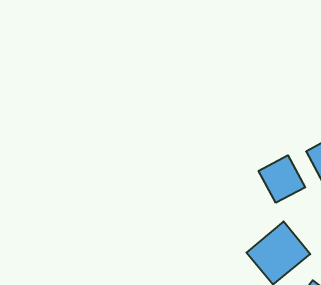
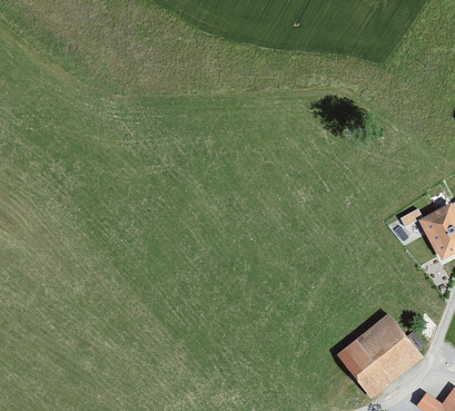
building: [259,155,305,203] -> none

